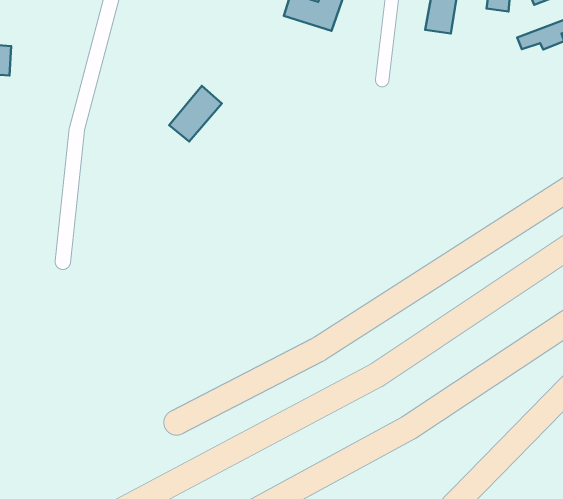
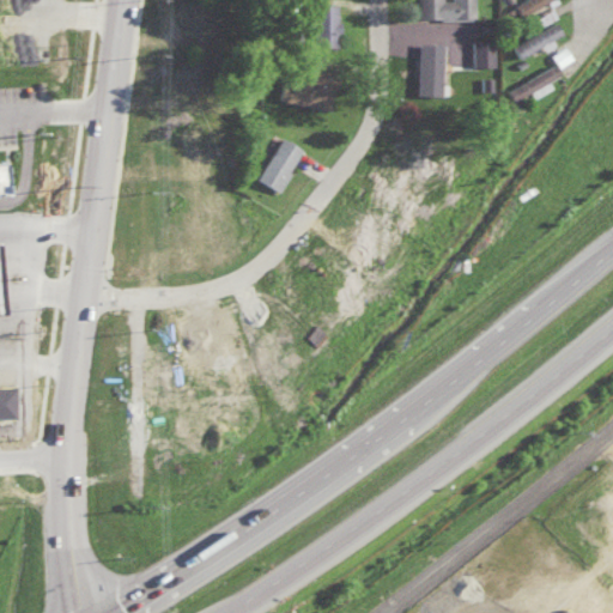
building: [169,86,222,141] -> [257,136,305,192]

